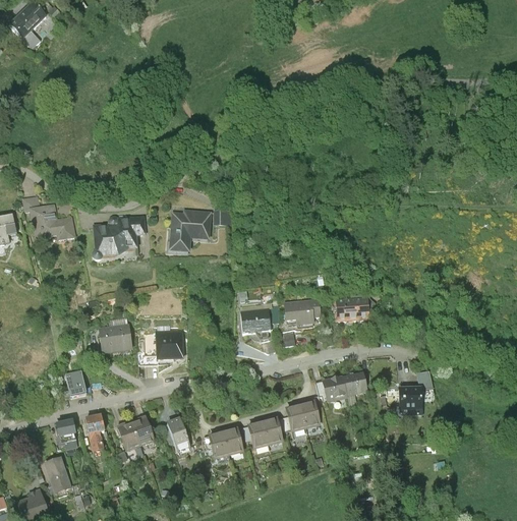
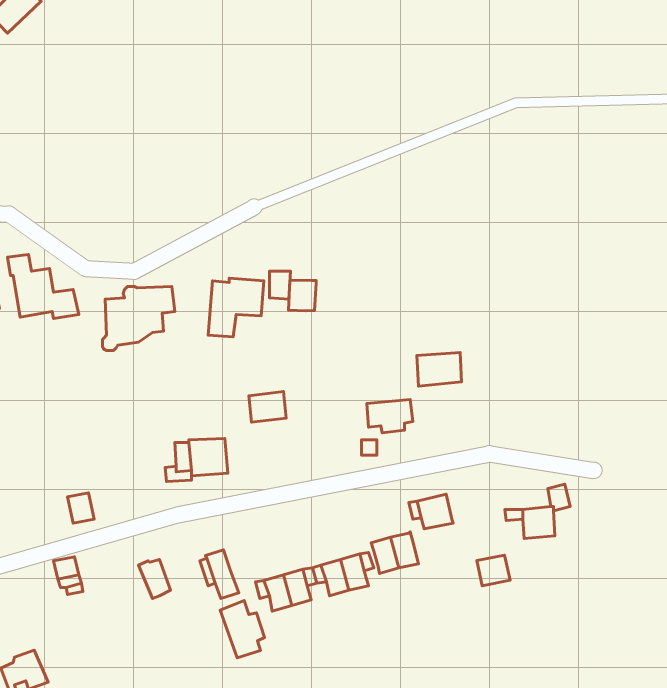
building: none -> [288,280,316,311]
building: [335,299,367,324] -> [417,353,462,386]
building: [241,311,269,334] -> [249,392,286,422]
building: [99,325,131,356] -> none
building: [343,367,367,390] -> [477,555,510,586]
building: [85,410,104,446] -> none
building: [133,413,156,442] -> none
building: none -> [220,601,265,658]
building: [45,453,71,486] -> none

